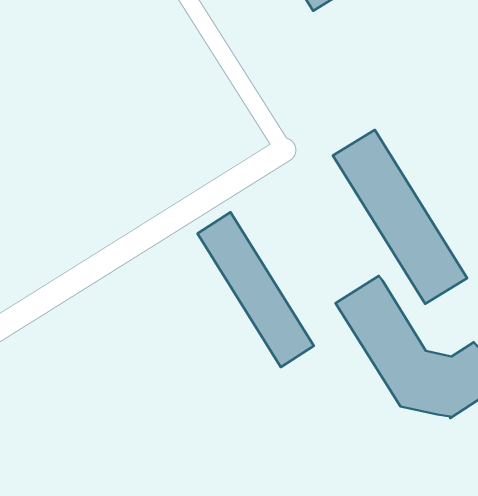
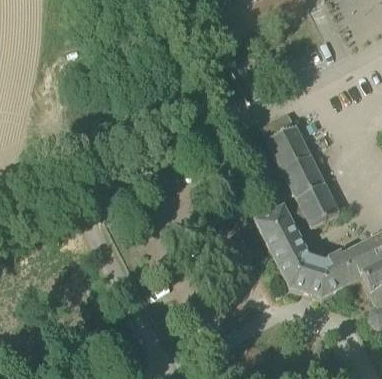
building: [197,212,314,367] -> none

